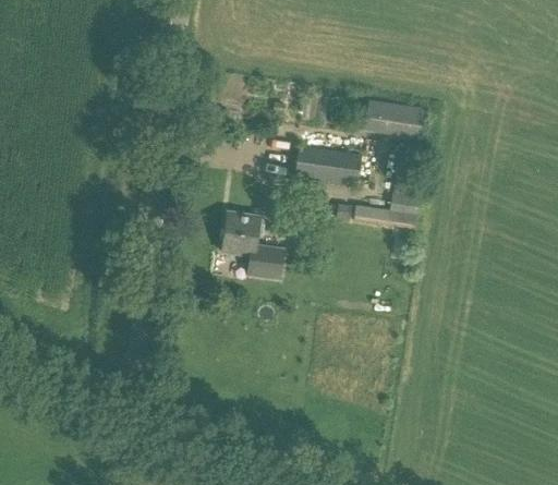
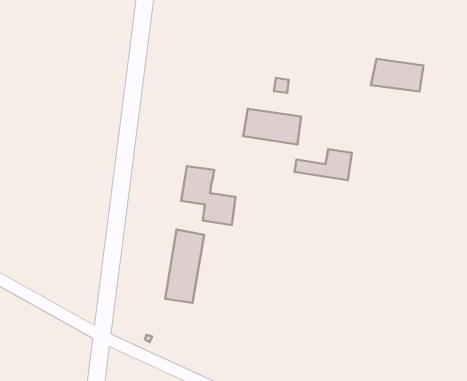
building: [362,99,423,137] -> [371,59,423,92]
building: none -> [165,230,204,303]

